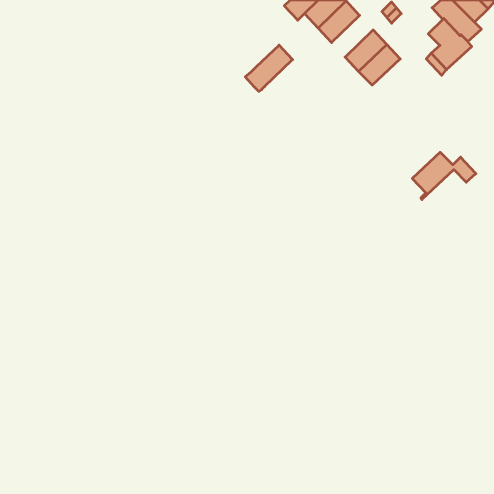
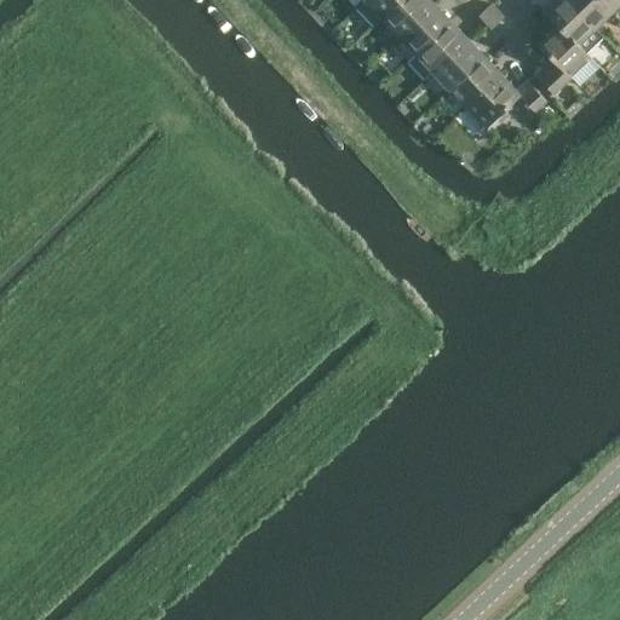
building: [245,45,293,91] -> [408,19,467,78]
building: [412,152,476,200] -> [466,74,546,133]

